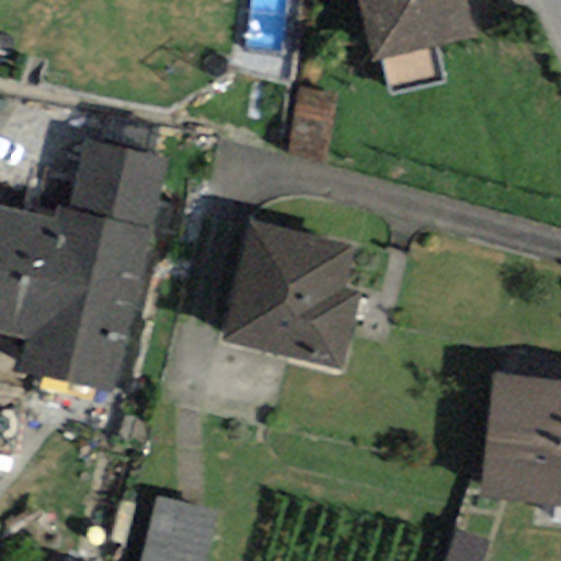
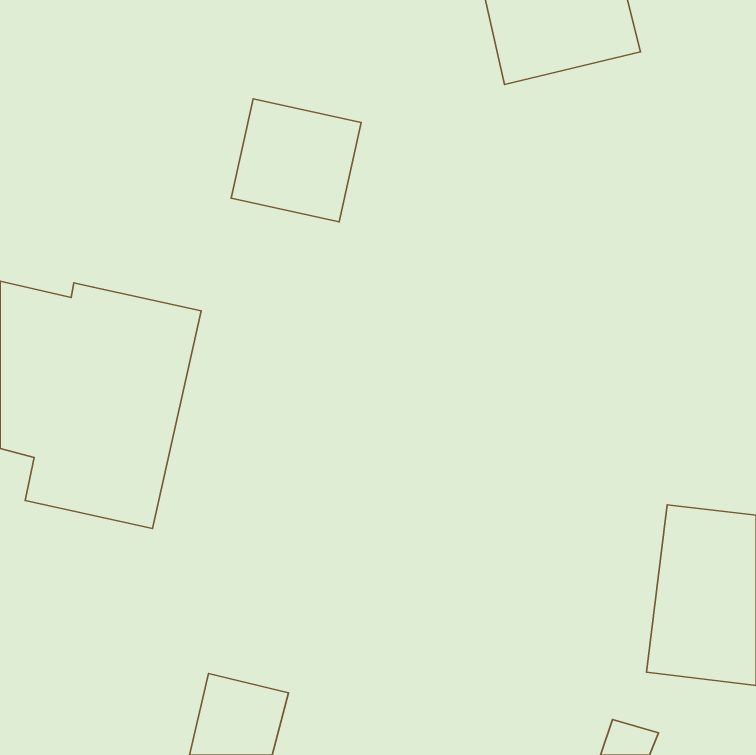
building: [69,139,165,230] -> [231,99,361,222]
building: [220,219,359,369] -> none

